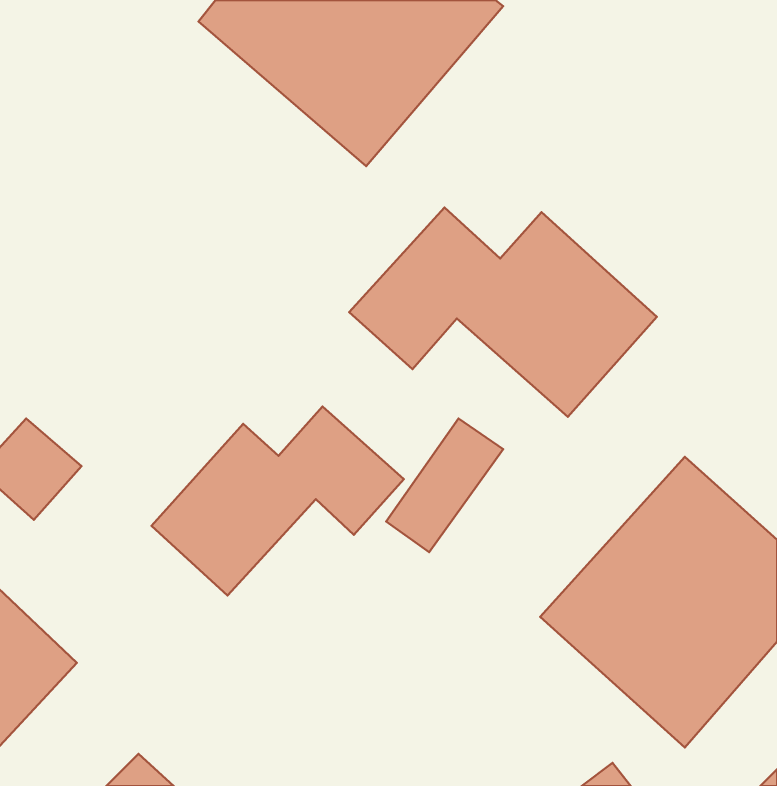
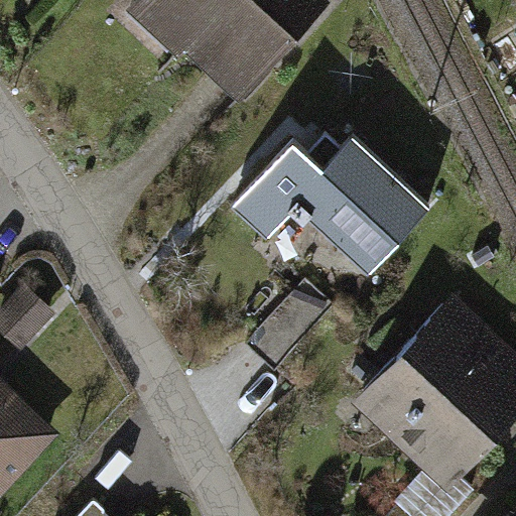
building: [151,407,404,596] -> none

